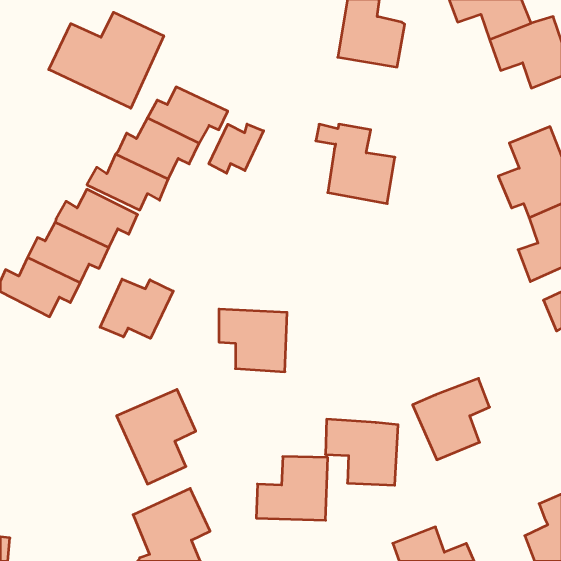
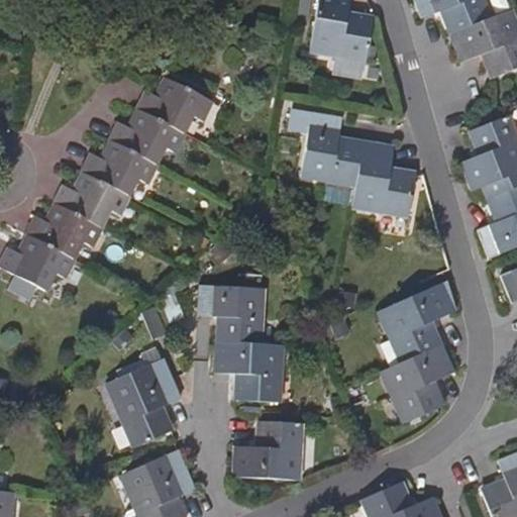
building: [49,12,164,108] -> none
building: [209,124,264,173] -> none
building: none -> [353,144,415,217]
building: [100,279,173,338] -> none
building: none -> [379,282,457,363]
building: [325,419,398,485] -> [216,338,283,399]

